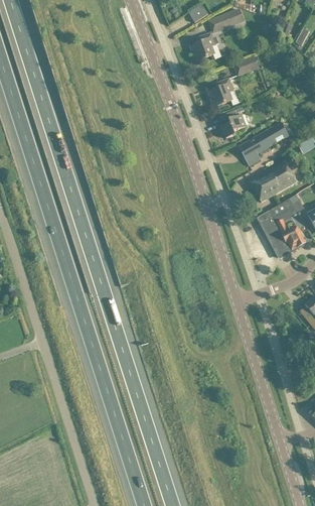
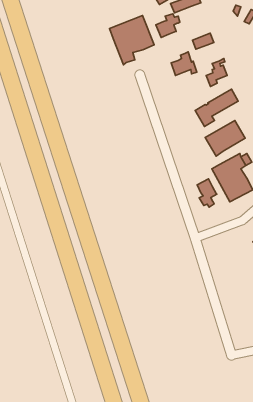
building: none -> [110,16,154,65]
building: [221,106,247,139] -> [206,59,227,86]
building: none -> [197,179,217,207]

